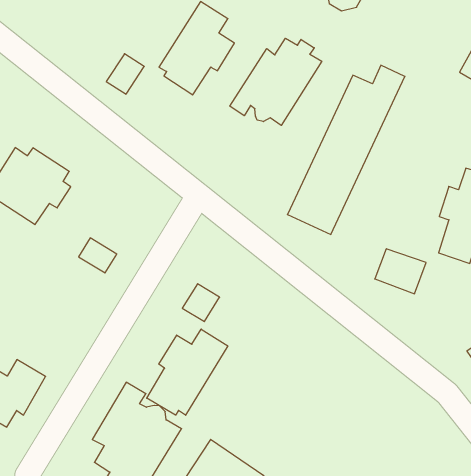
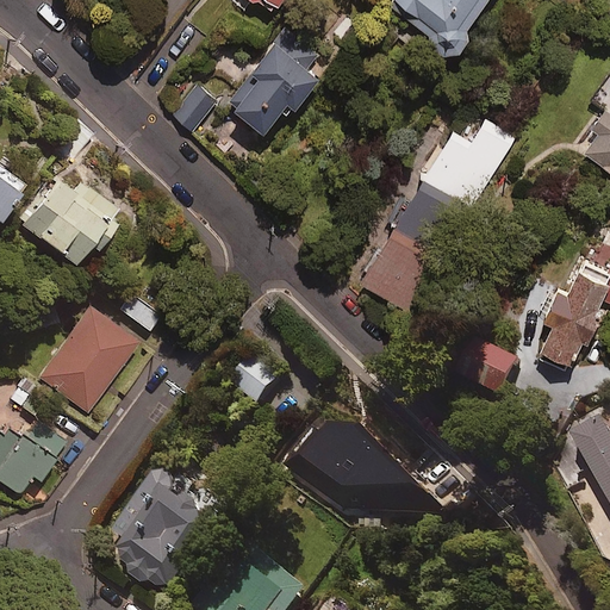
building: [230,38,322,125] -> none
building: none -> [36,309,135,415]
building: [147,329,228,415] -> none

